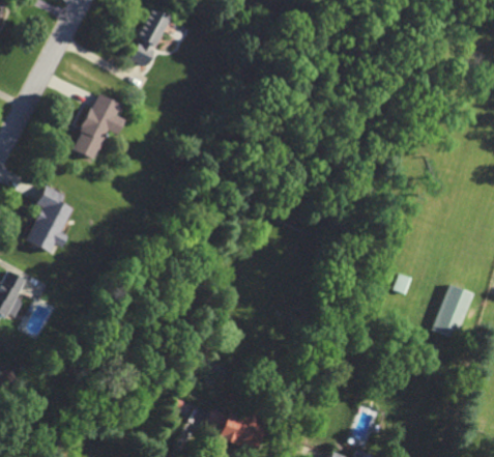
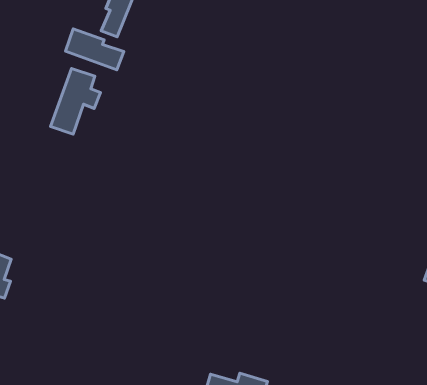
building: none -> [65,29,124,70]
building: [27,184,72,252] -> none

